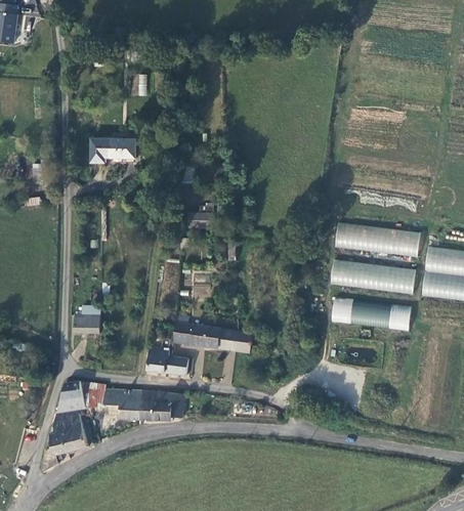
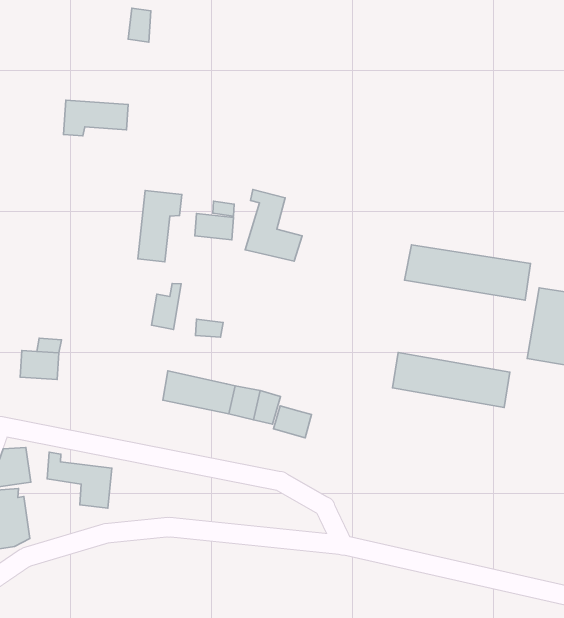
building: none -> [245,189,302,261]
building: none -> [138,190,182,262]
building: [330,259,416,293] -> none
building: none -> [274,406,312,438]
building: [146,346,186,374] -> none
building: [140,390,184,419] -> none

